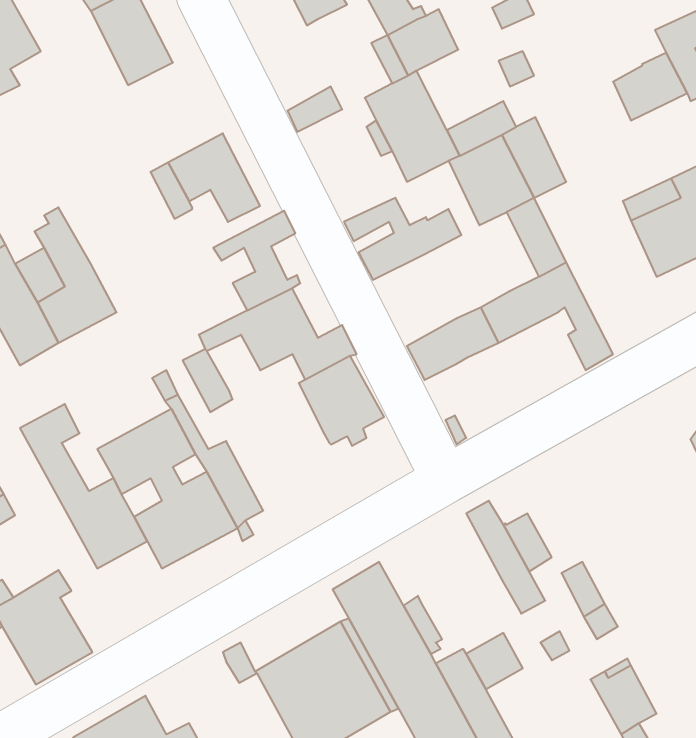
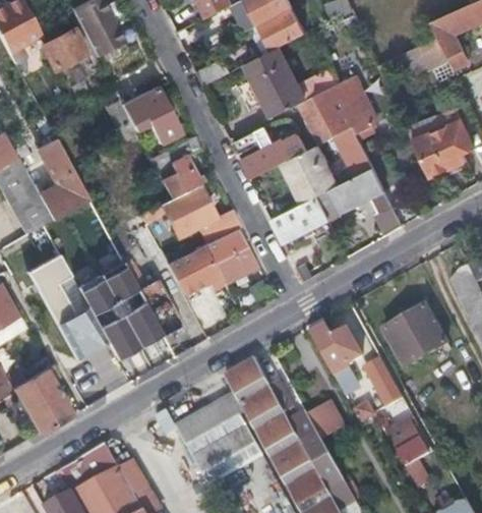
building: none -> [38,31,93,78]
building: none -> [283,146,337,204]
building: none -> [167,244,224,294]
building: none -> [384,305,445,366]

